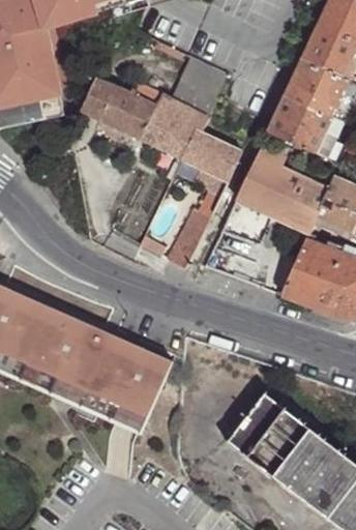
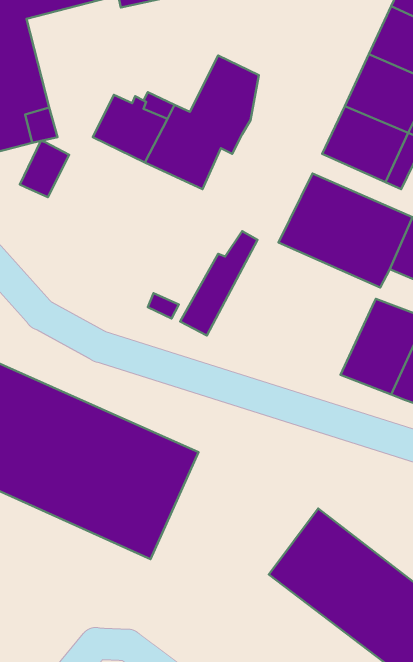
building: [79,79,115,120] -> [20,141,69,197]
building: [180,128,241,181] -> none

